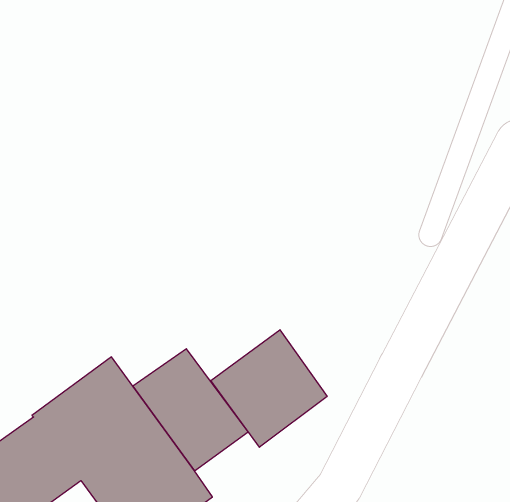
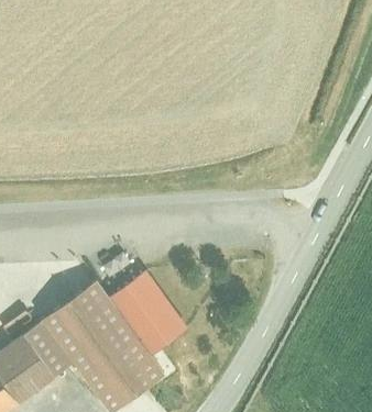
building: [211,330,327,447] -> none

